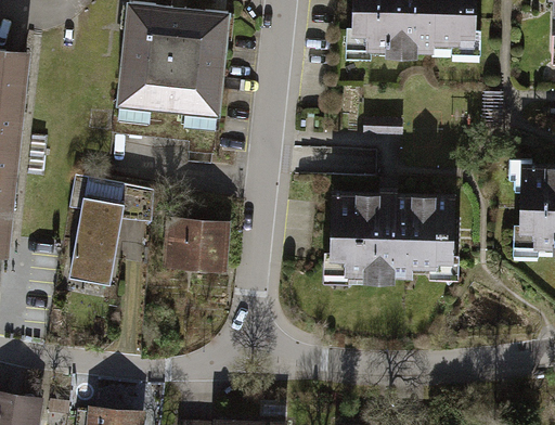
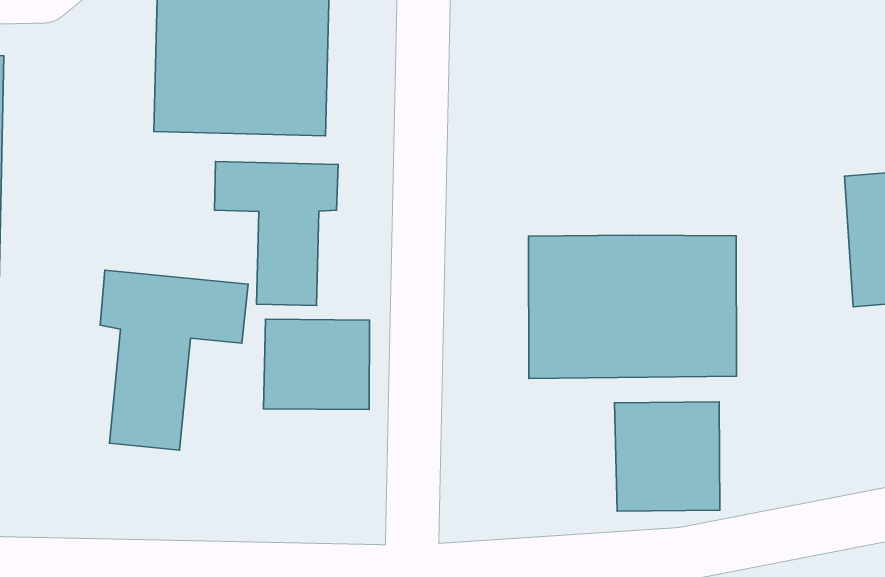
building: none -> [215,162,338,305]
building: none -> [615,402,720,511]

